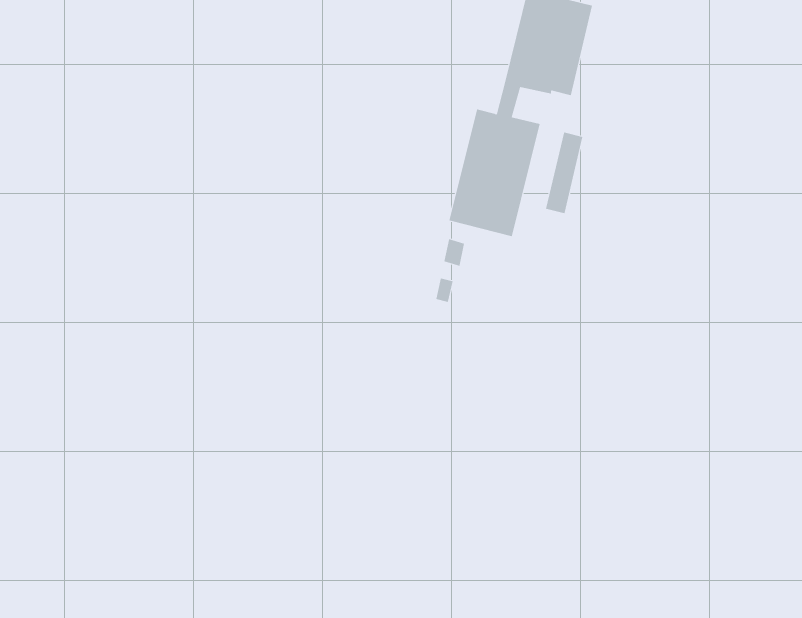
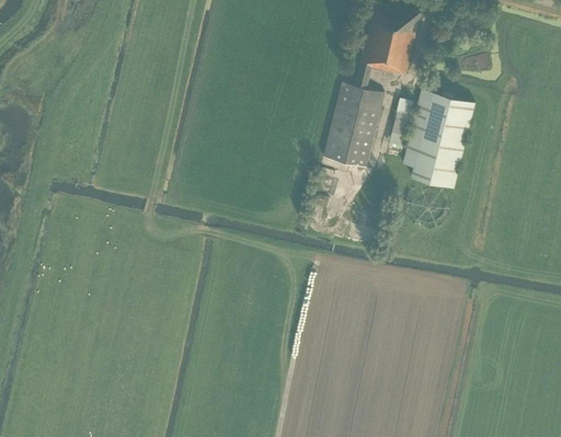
building: none -> [402,90,474,188]

